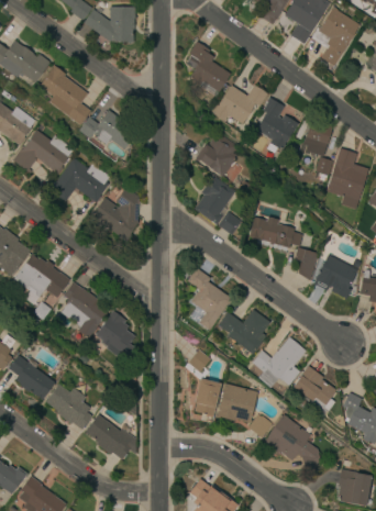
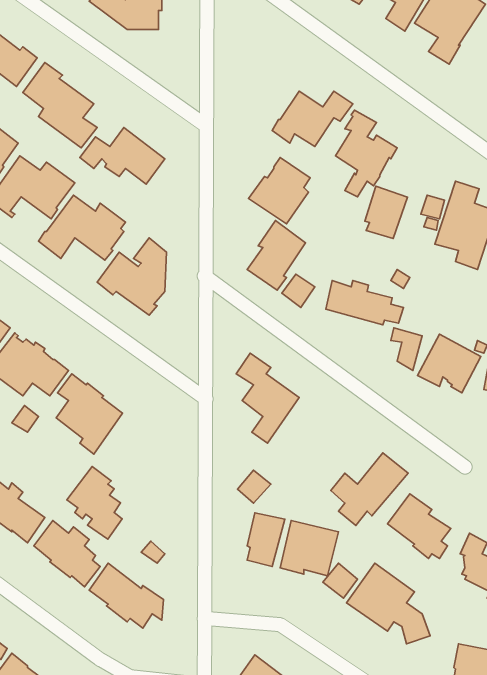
building: [187,41,231,95] -> none
building: [303,119,333,155] -> [365,186,407,238]
building: [219,309,272,354] -> none
building: [96,310,134,360] -> [67,467,122,539]

